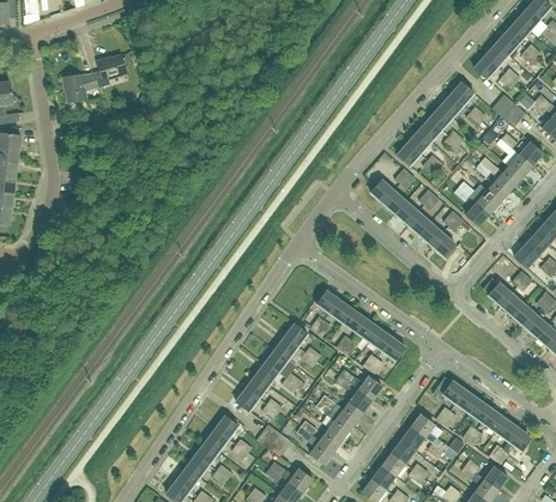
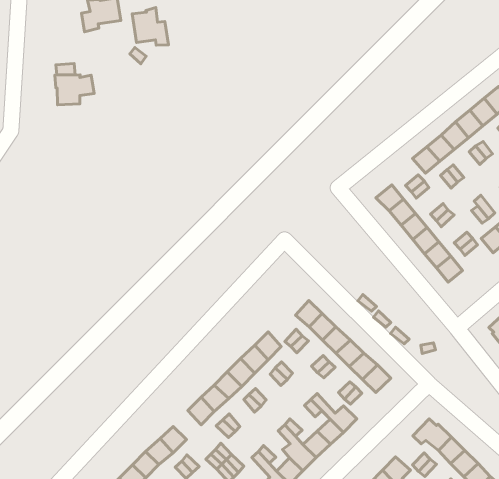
building: none -> [132,8,168,45]
building: [62,72,98,102] -> [55,75,94,105]

